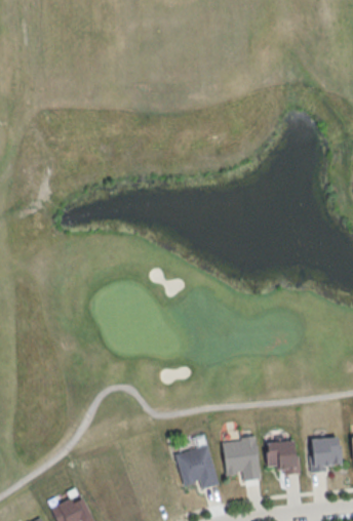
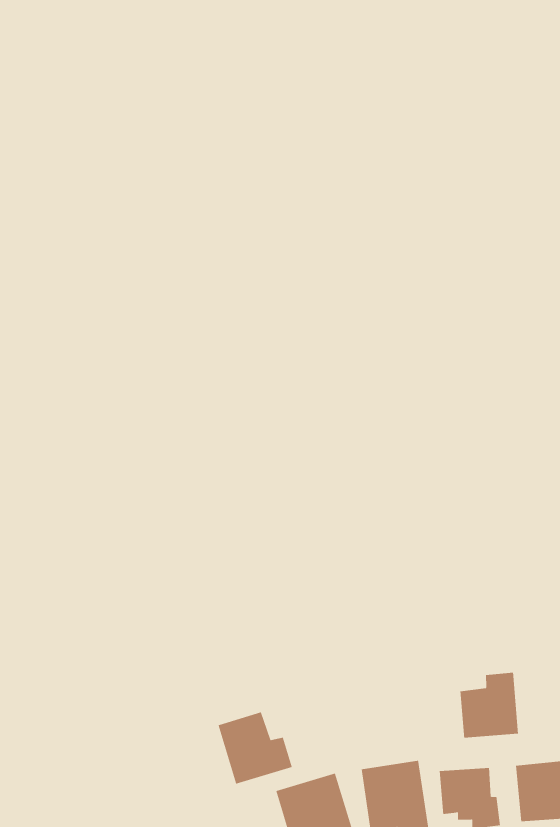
building: none -> [460,672,519,739]
building: none -> [218,711,293,784]

